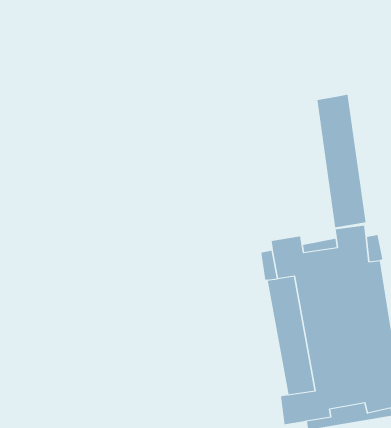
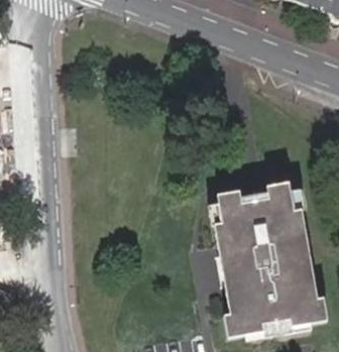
building: [317,94,366,228] -> none

